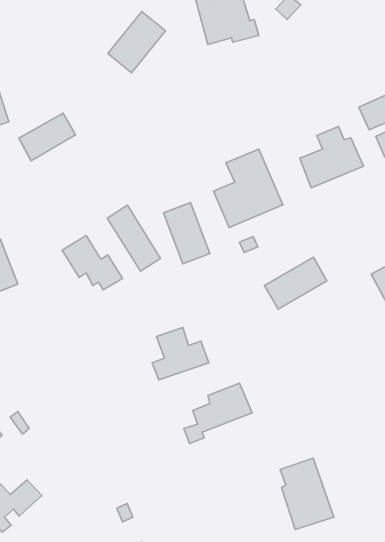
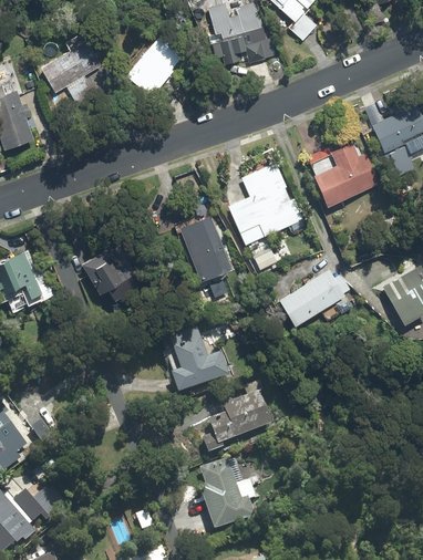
building: [19,113,76,161] -> [43,45,99,92]
building: [107,205,161,271] -> none
building: [280,458,334,530] -> [199,458,251,528]

